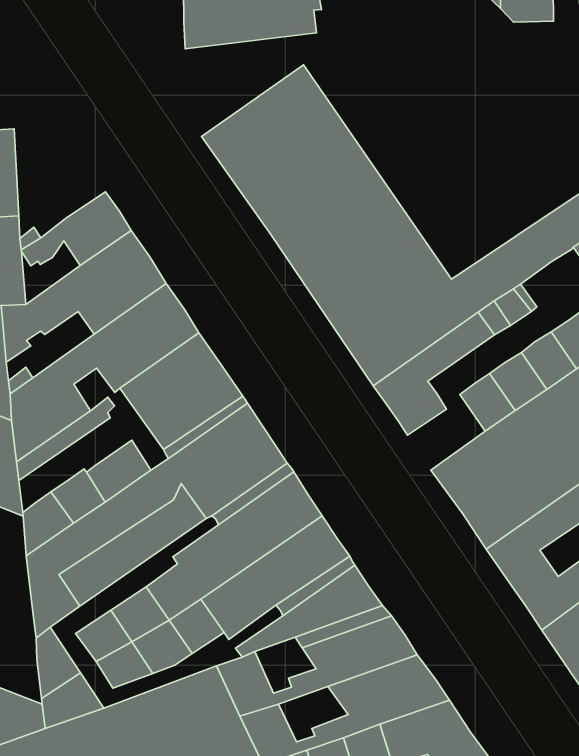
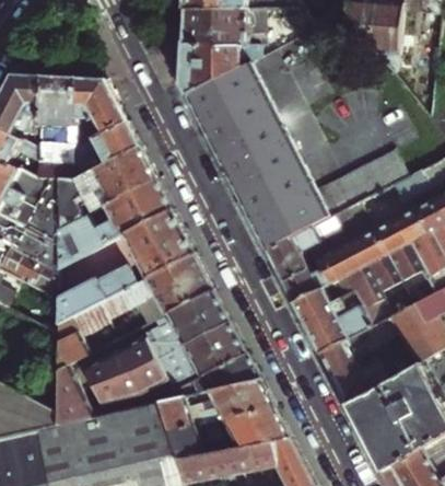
building: none -> [177,44,256,95]
building: none -> [72,78,124,132]
building: none -> [280,264,325,303]

